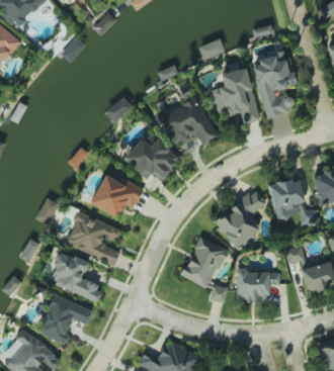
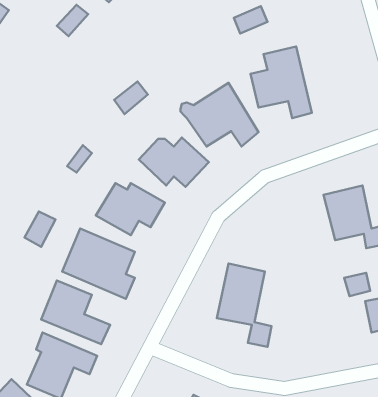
building: [253,57,297,115] -> none
building: [216,188,266,247] -> none
building: [236,270,279,301] -> none

